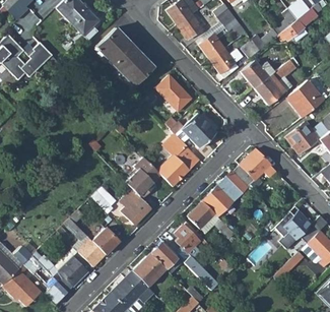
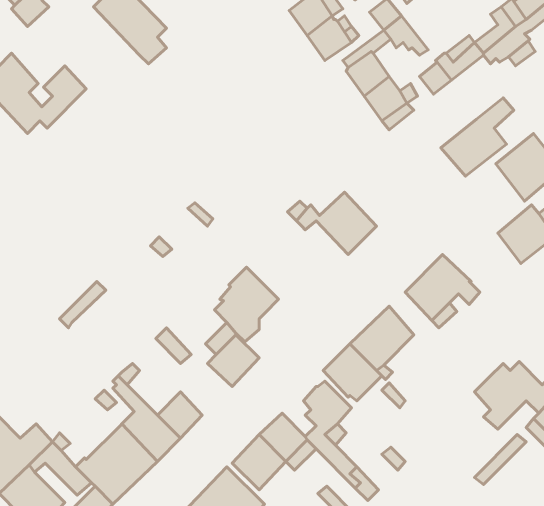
building: [95,27,152,85] -> none
building: [241,60,274,88] -> none
building: [156,75,192,111] -> none
building: [157,133,200,187] -> none

